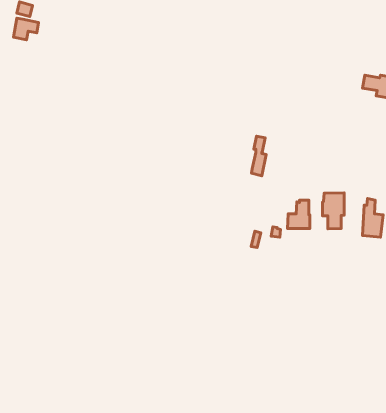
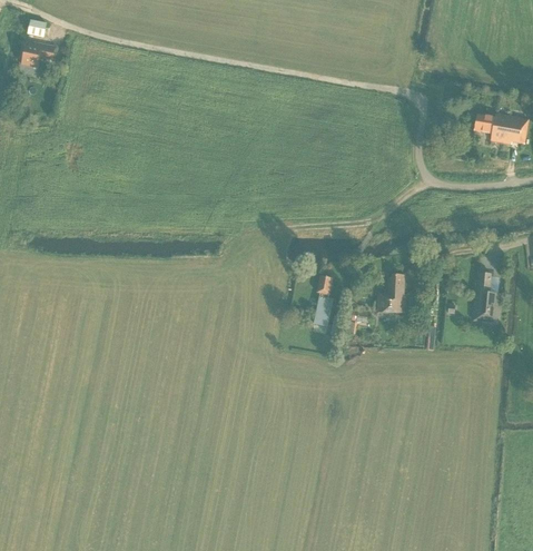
building: [251,136,266,176] -> [314,276,333,327]
building: [322,193,344,229] -> none

